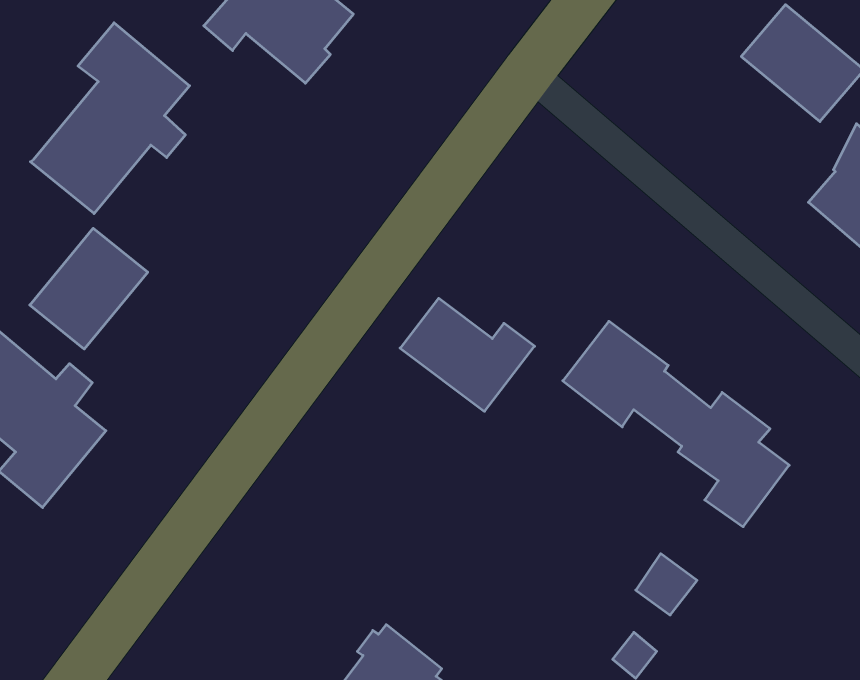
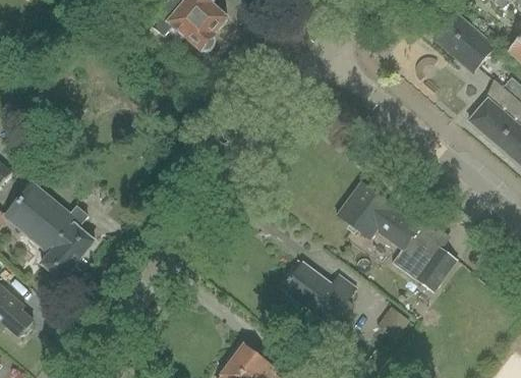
building: [30,23,190,214] -> none
building: [30,228,148,349] -> none
building: [400,298,535,411] -> [283,261,354,321]

